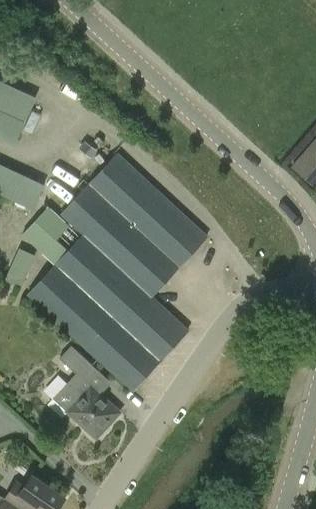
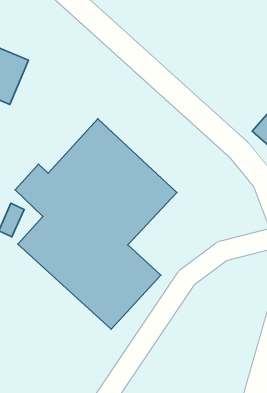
building: [51,345,116,439] -> none

